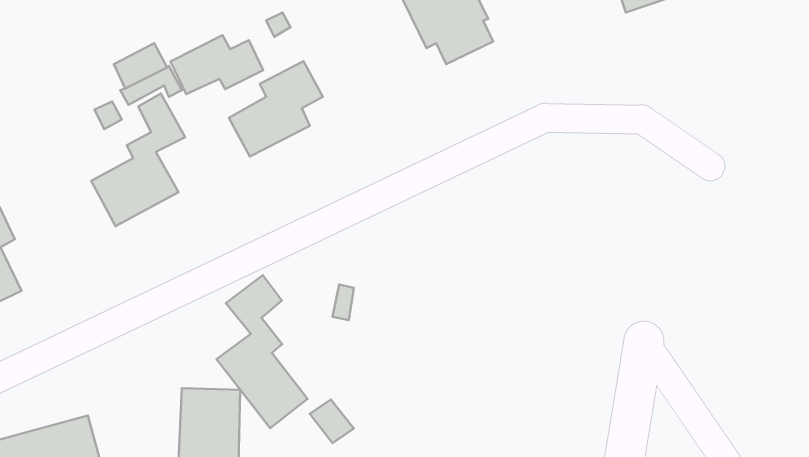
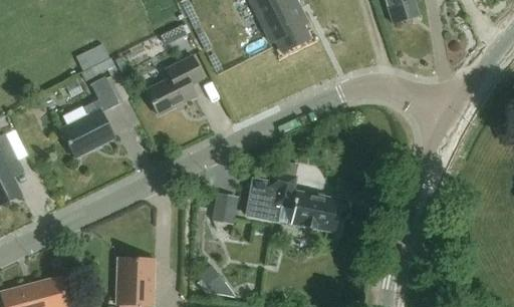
building: [170,35,263,94] -> none
building: none -> [245,172,336,231]
building: [217,275,308,428] -> none

